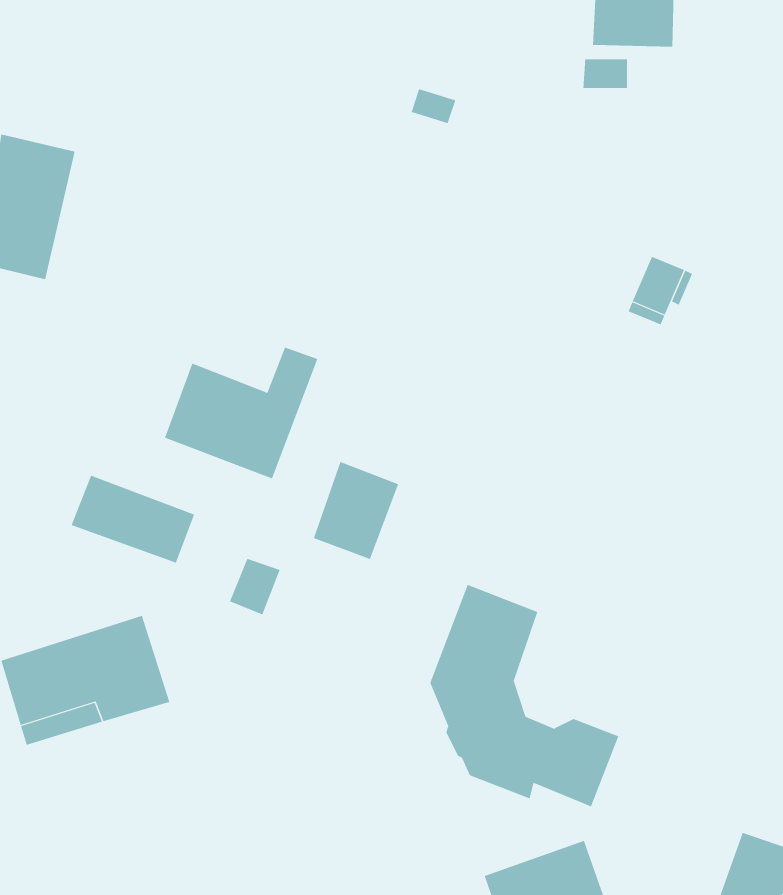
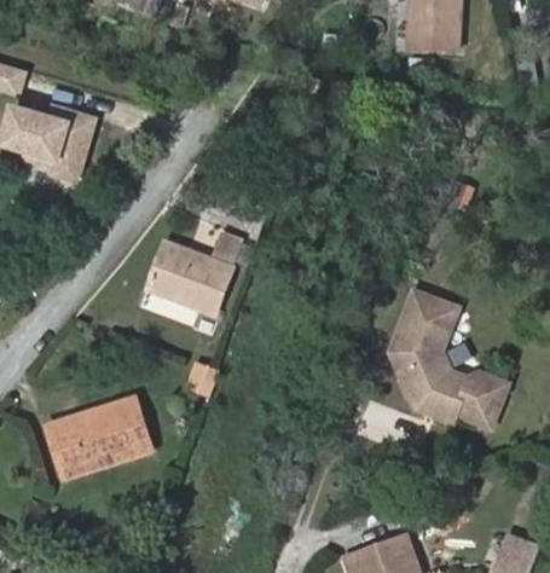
building: [313,461,399,560] -> none
building: [71,475,195,564] -> none
building: [430,584,619,807] -> [392,291,508,428]

